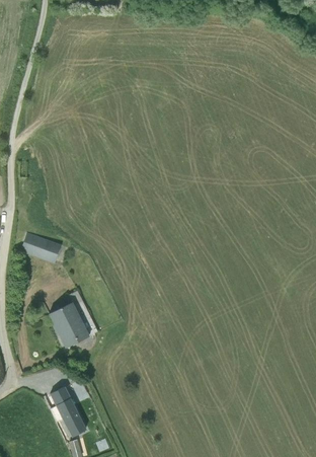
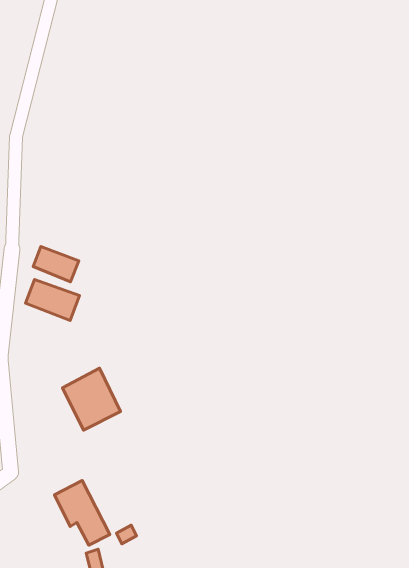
building: none -> [33,246,79,282]

